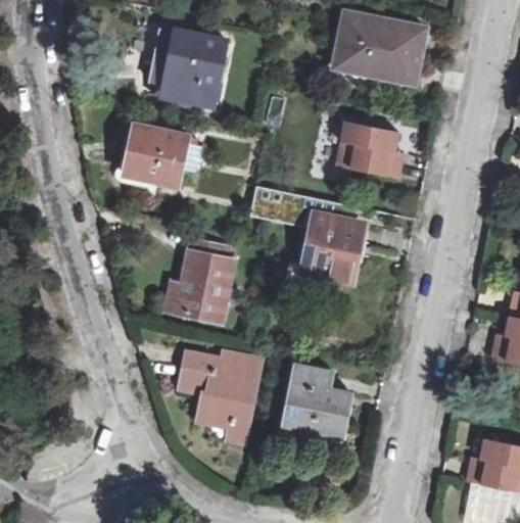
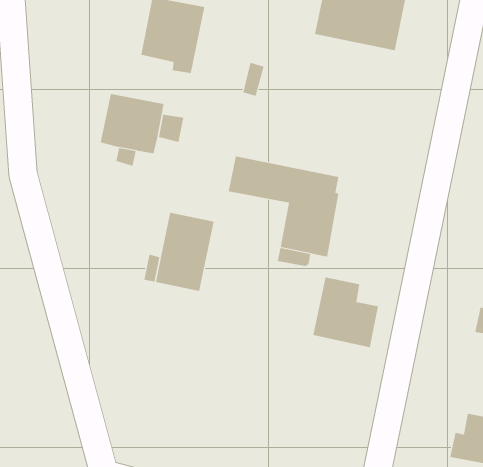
building: [336,122,403,179] -> none
building: [181,353,262,442] -> none
building: [284,367,349,436] -> [312,277,379,348]

